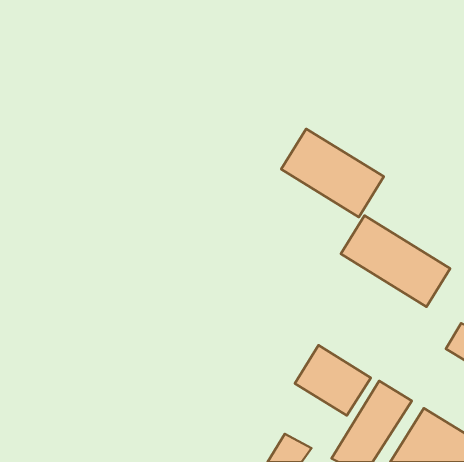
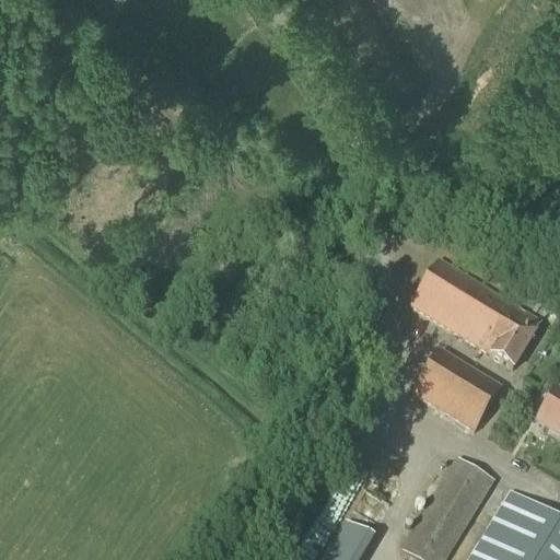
building: [281,129,384,217] -> none
building: [295,345,371,415] -> [412,348,503,432]

